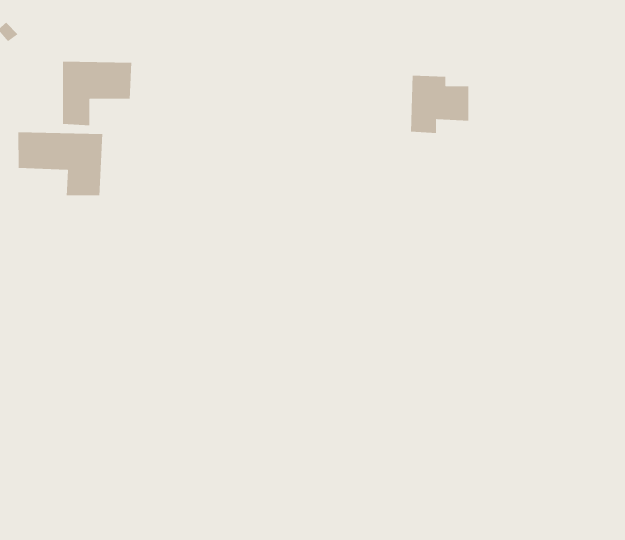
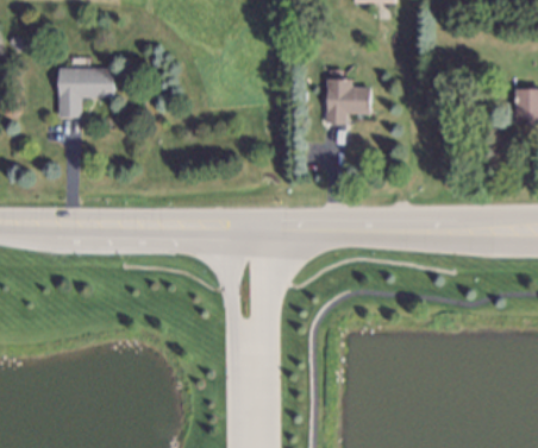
building: [18,132,103,196] -> none

